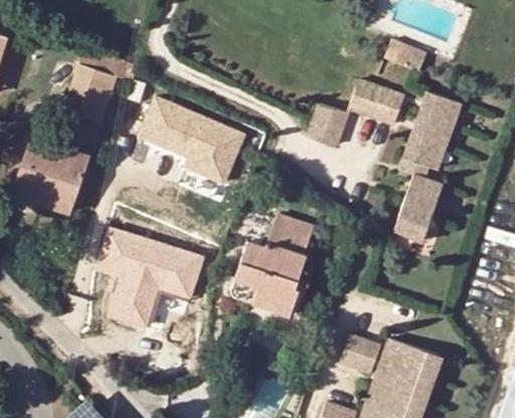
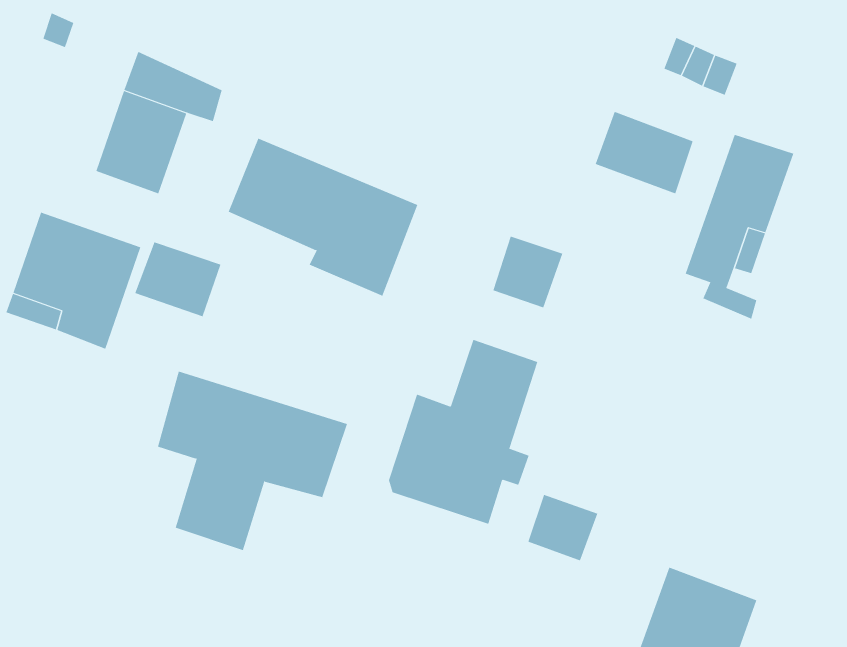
building: [307,103,347,145] -> [493,236,563,308]
building: none -> [134,241,221,317]
building: [394,186,438,242] -> none
building: [340,335,380,373] -> [528,494,598,561]

